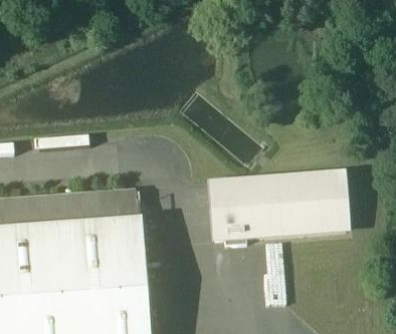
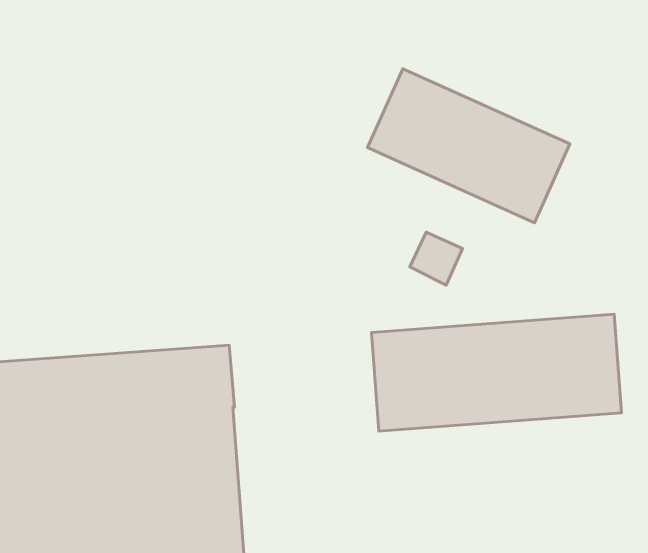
building: none -> [367,69,570,223]

